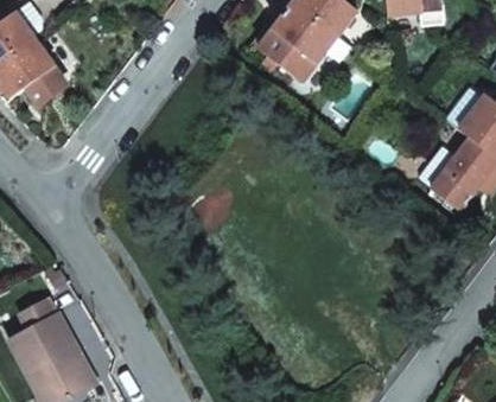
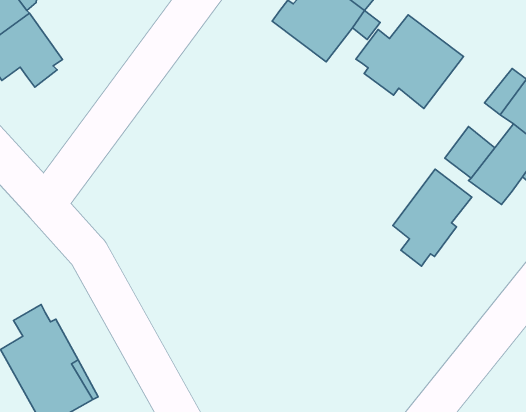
building: none -> [356,15,463,108]
building: none -> [393,169,472,266]

